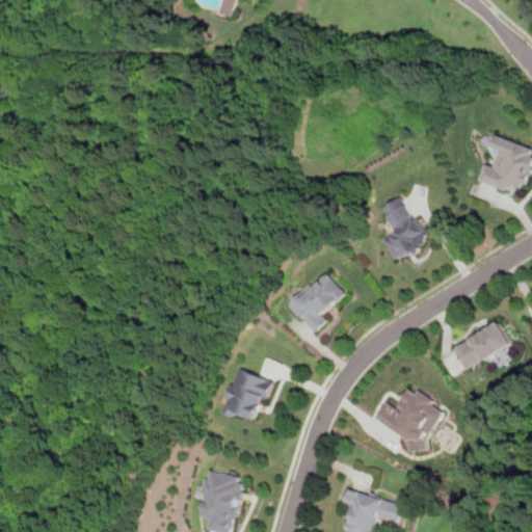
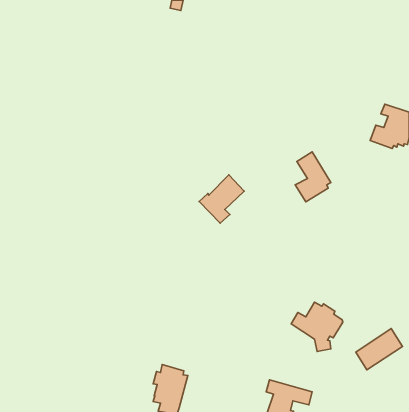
building: [286,270,344,332] -> [199,175,244,223]
building: [452,319,512,372] -> [356,329,402,370]
building: [219,369,272,420] -> none

